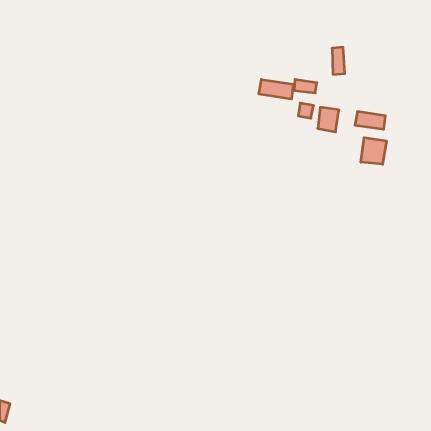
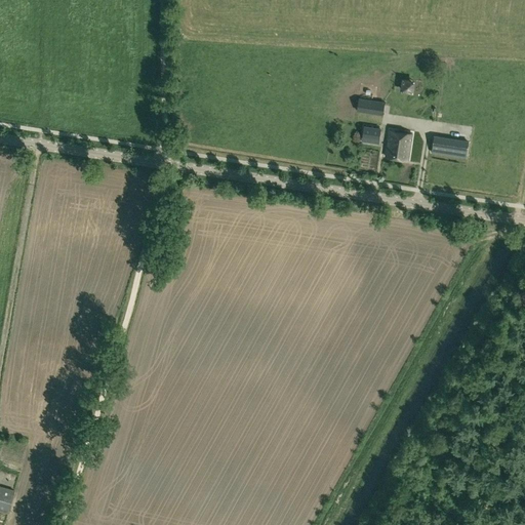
building: [259,79,293,99] -> none
building: [361,138,386,164] -> none

